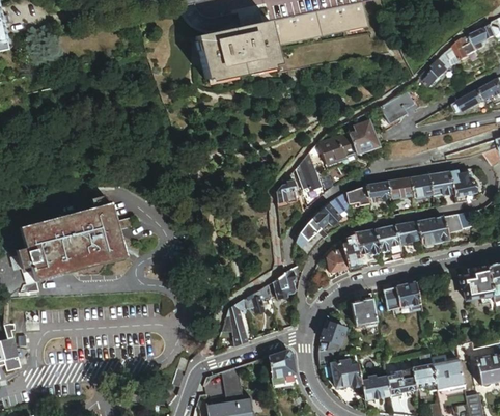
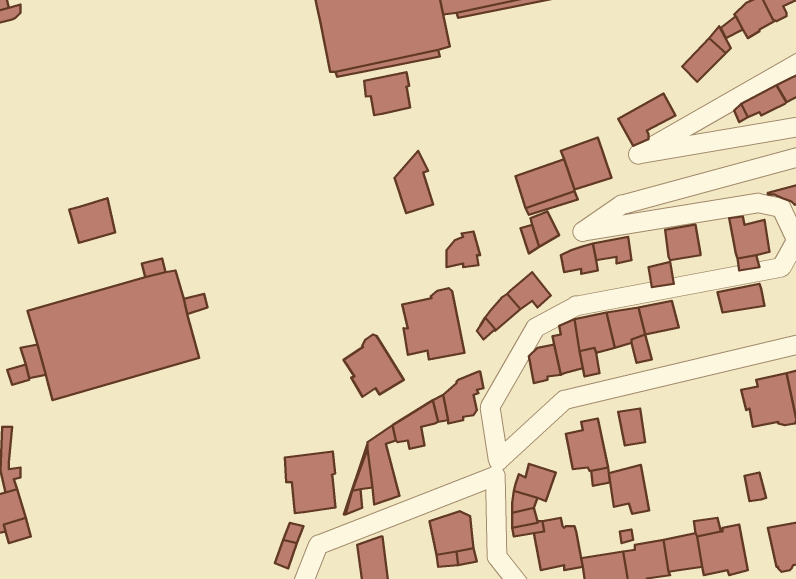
building: none -> [364,72,410,115]
building: [297,151,321,190] -> [395,151,433,213]
building: none -> [69,198,115,243]
building: [432,170,456,194] -> none
building: [390,177,415,198] -> none
building: none -> [402,288,464,359]
building: [417,216,450,245] -> none
building: none -> [343,334,404,397]
building: [397,282,422,312] -> [609,465,649,514]
building: none -> [285,452,336,513]

